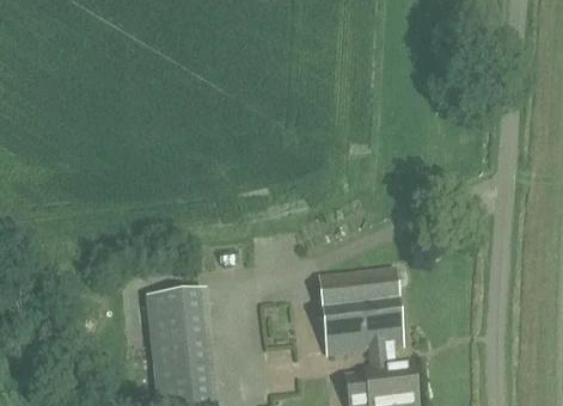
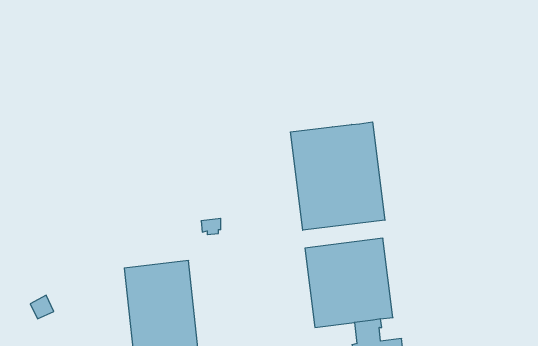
building: none -> [291,122,385,230]

